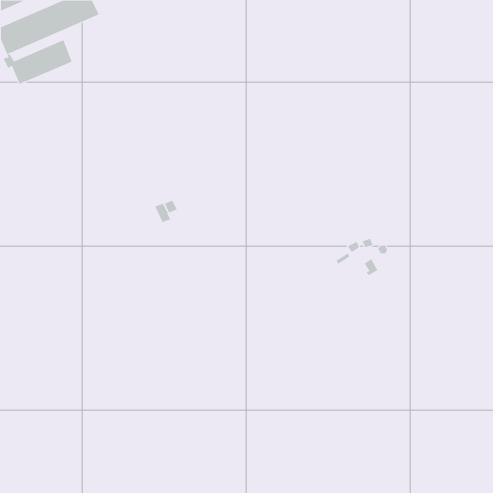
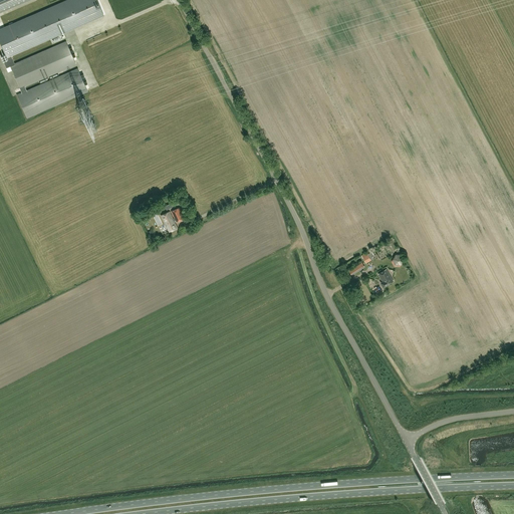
building: none -> [17,68,87,117]

